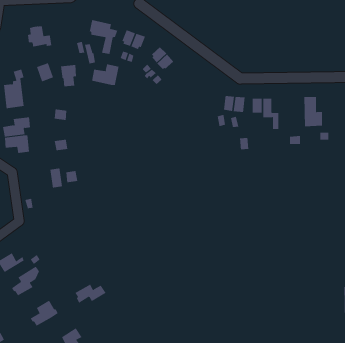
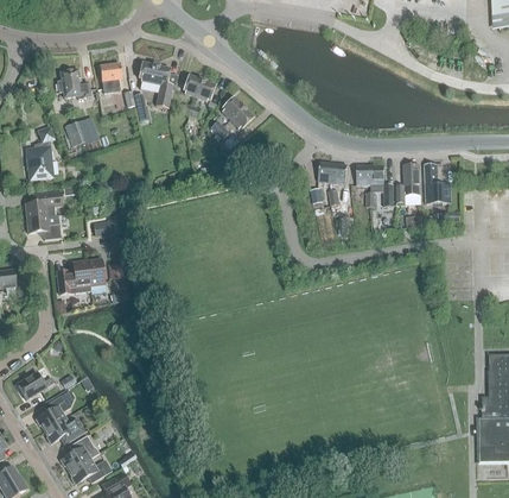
building: [92,63,119,86] -> none
building: [60,64,77,87] -> [98,62,121,92]
building: none -> [396,164,420,202]
building: none -> [56,260,90,294]
building: [74,284,107,304] -> [69,458,112,484]
building: none -> [44,417,84,442]

